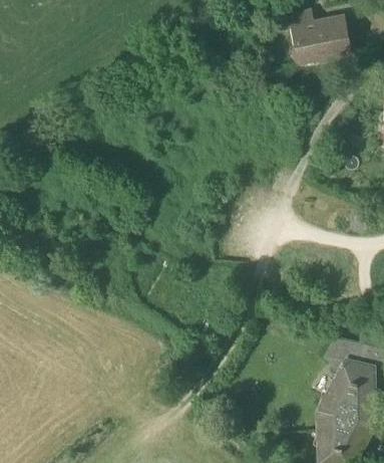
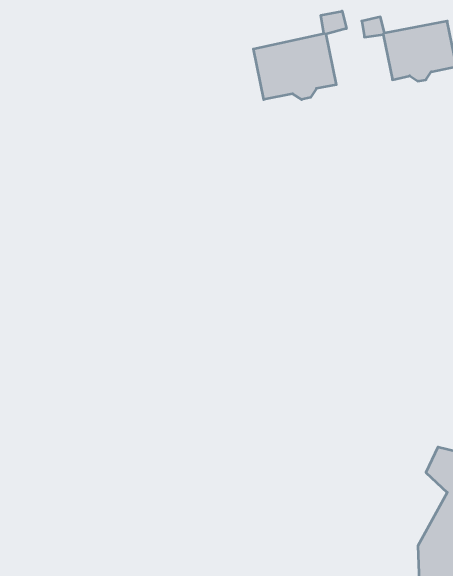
building: none -> [253,11,346,100]

